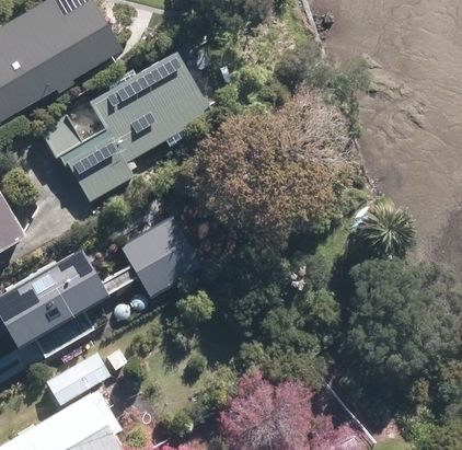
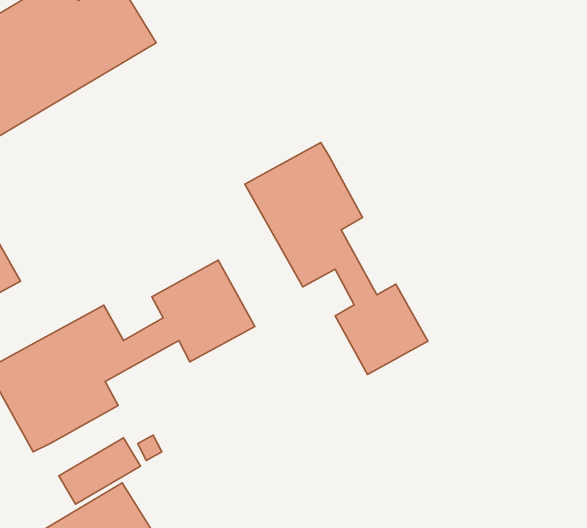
building: [42,51,211,200] -> none
building: none -> [245,143,428,374]

